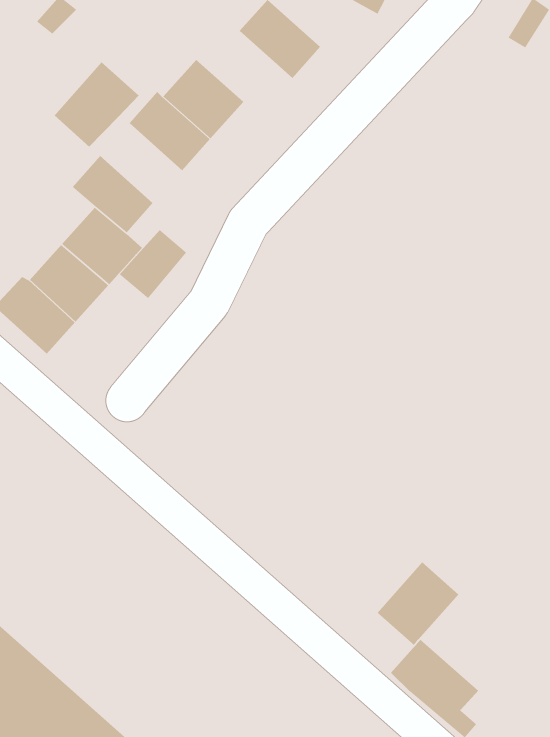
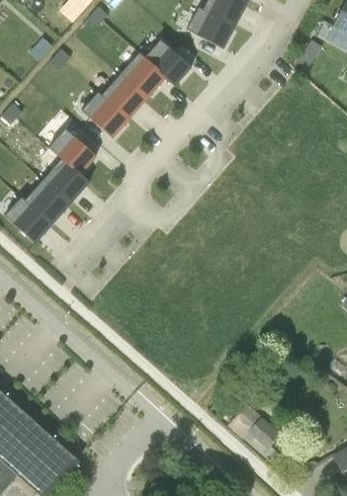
building: none -> [120,53,166,98]
building: [54,62,139,147] -> none
building: [119,229,187,299] -> none
building: [377,561,459,646] -> none

